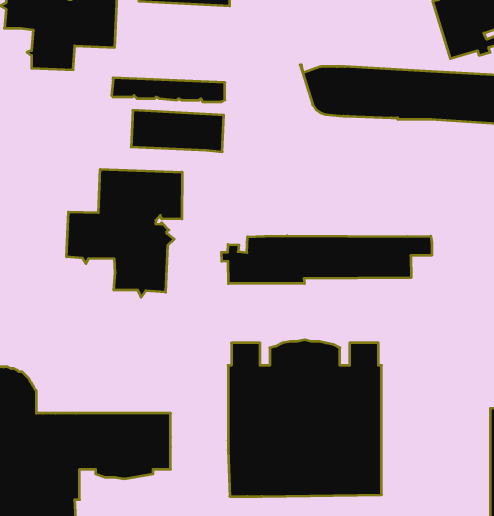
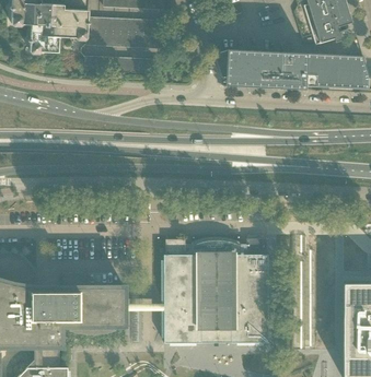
building: [131,110,224,152] -> [100,19,163,47]
building: [67,169,182,297] -> none
building: [221,236,432,284] -> none

